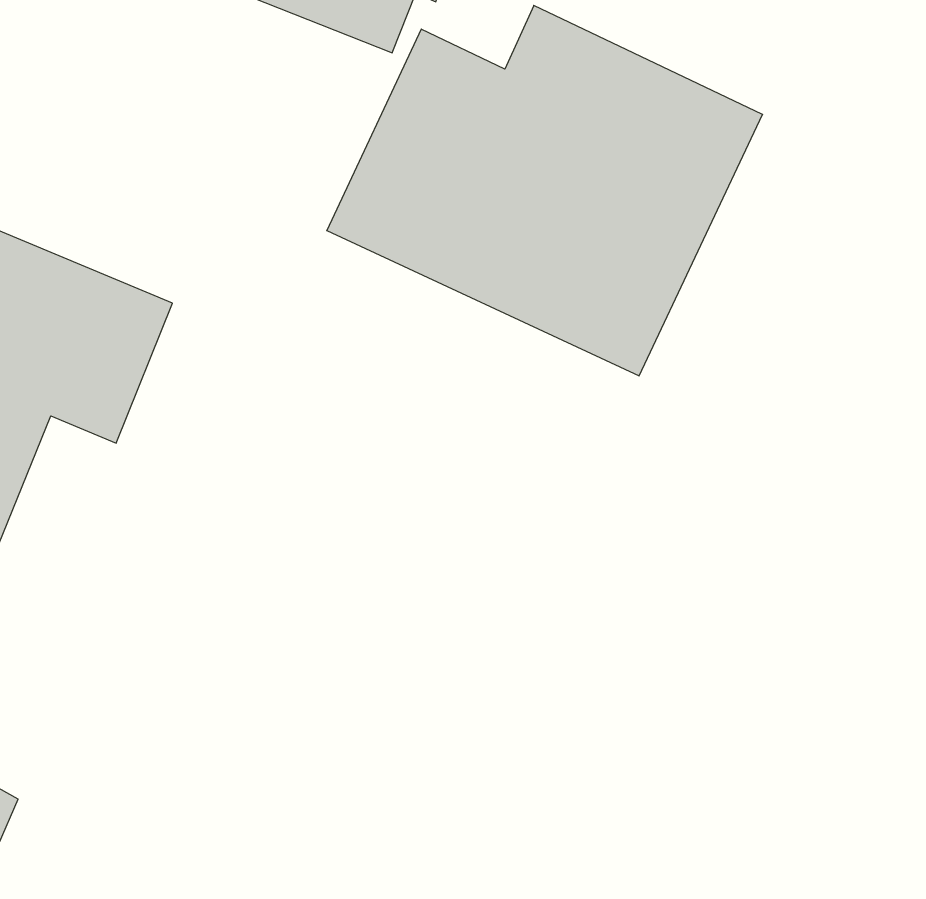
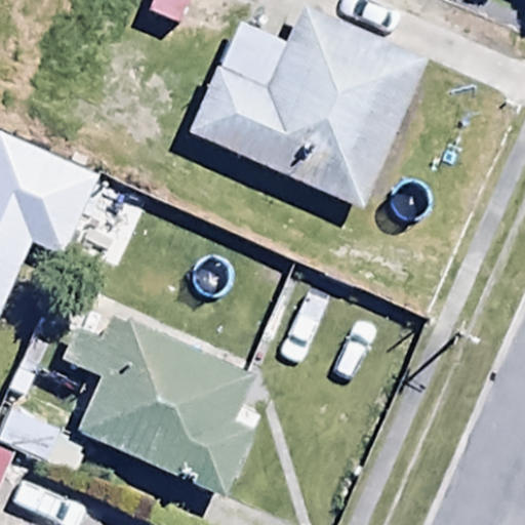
building: none -> [59,313,252,495]

